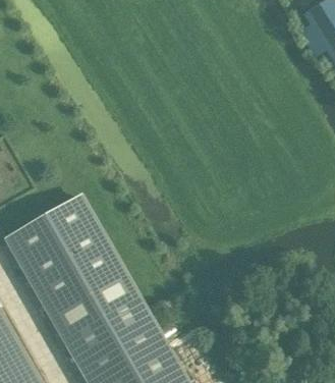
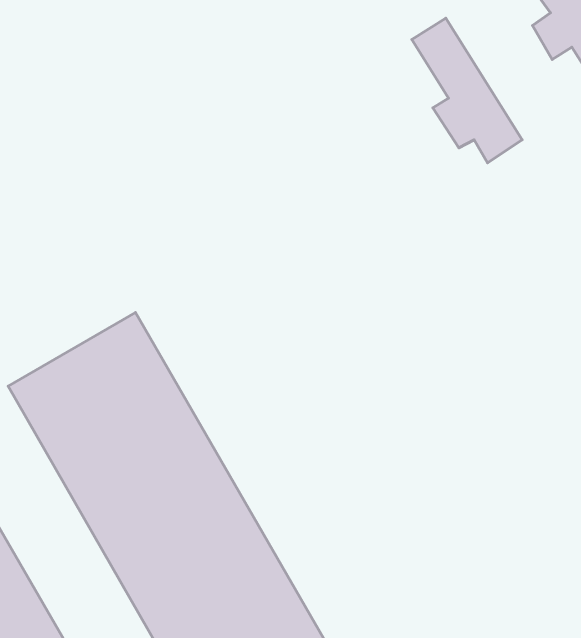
building: none -> [412,18,522,163]

